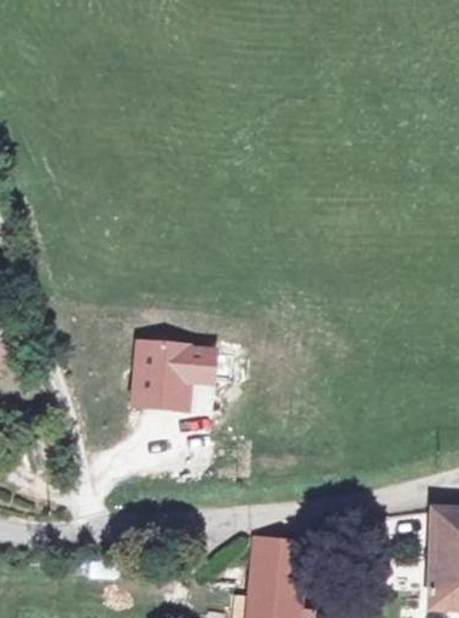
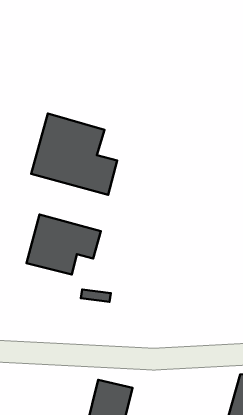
building: none -> [31,114,117,195]

